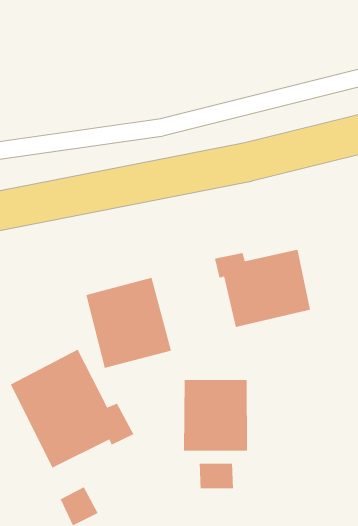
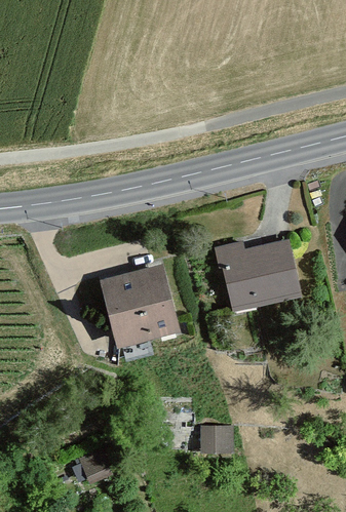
building: [10,349,134,469] -> none
building: [183,379,247,451] -> none

